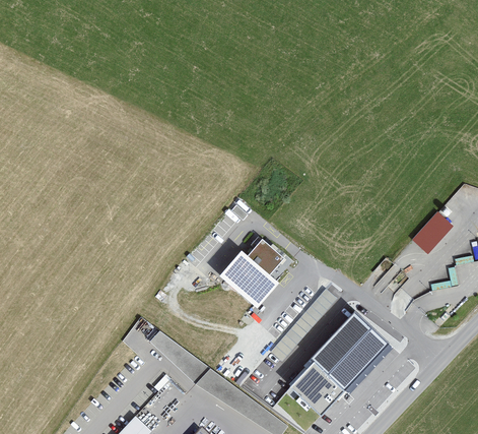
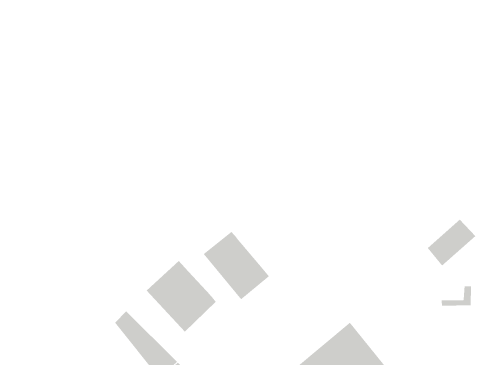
building: [247,236,283,272] -> none
building: none -> [146,260,217,332]

